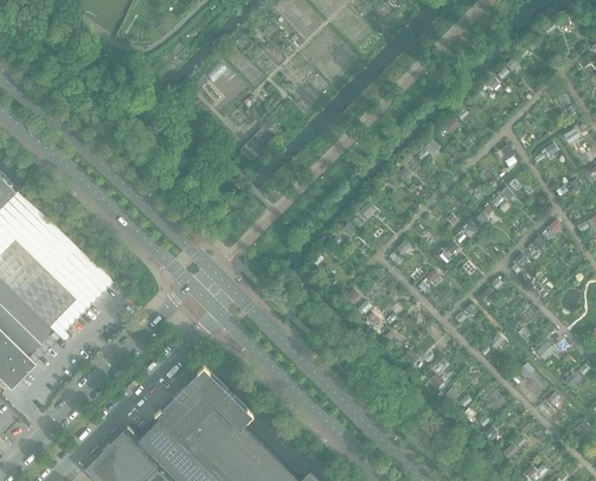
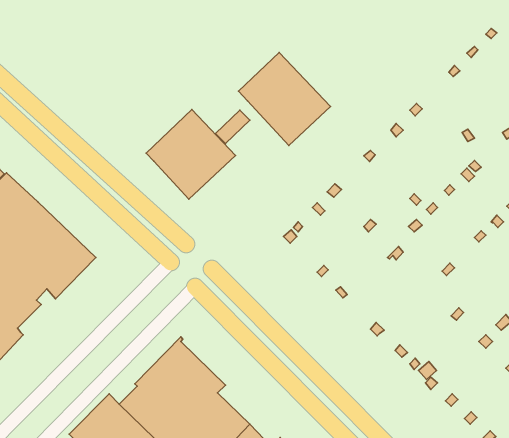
building: none -> [238,52,331,145]
building: none -> [146,110,236,199]

